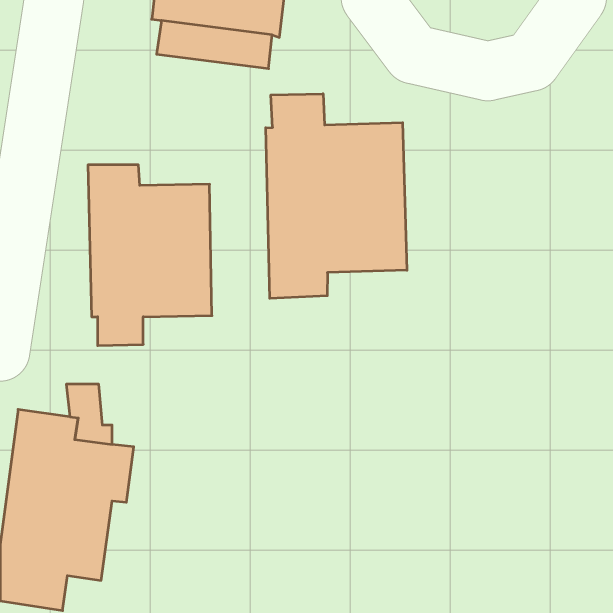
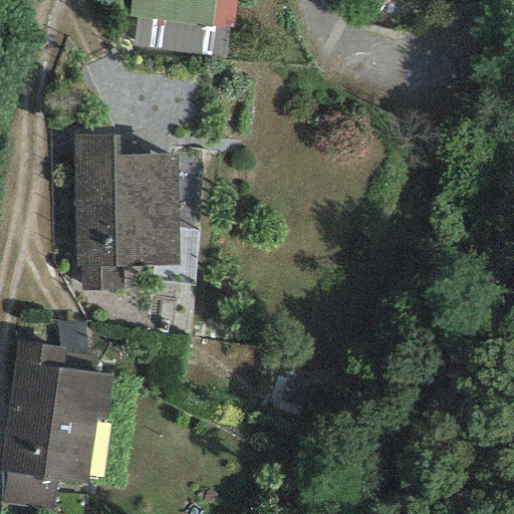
building: [266,94,407,298] -> none

